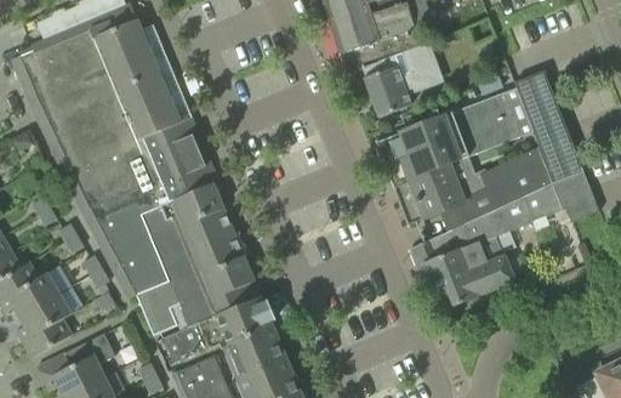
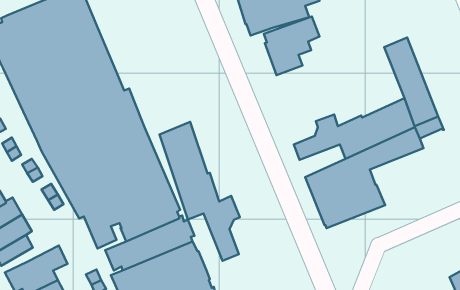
building: [376,92,522,204] -> none
building: none -> [160,122,240,261]
building: [559,184,599,221] -> none

